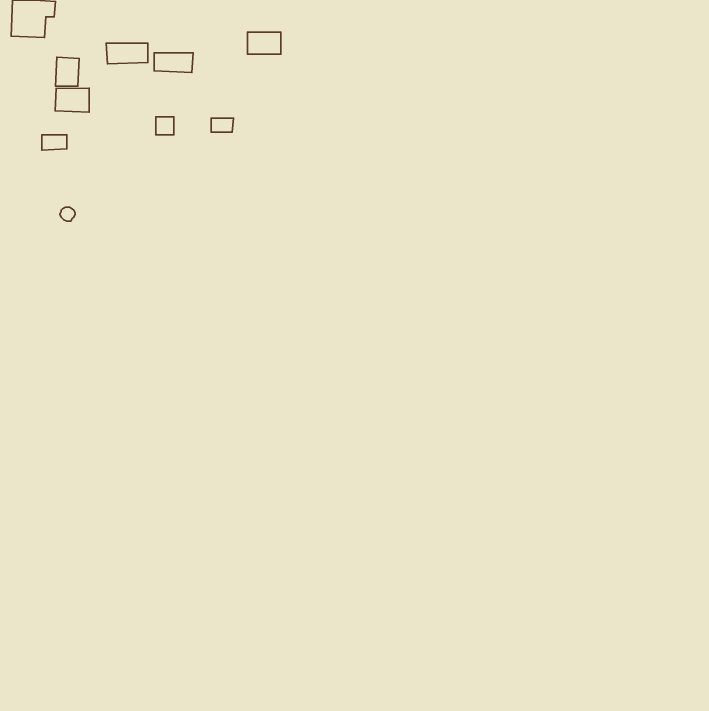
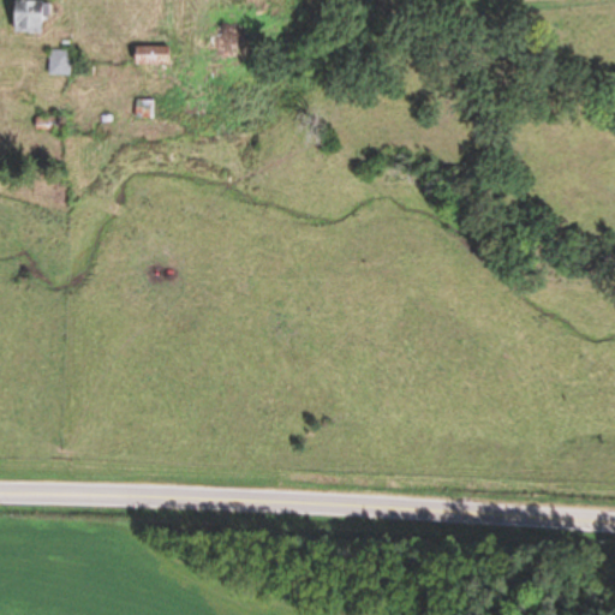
building: [106,43,148,64] -> none
building: [55,88,89,112] -> none

